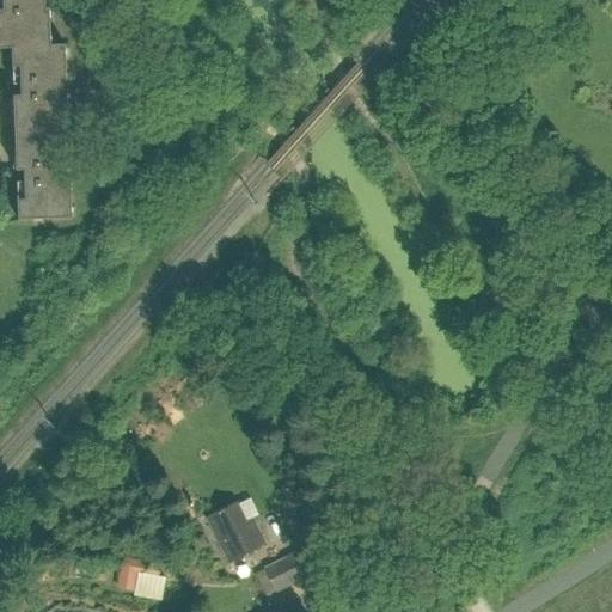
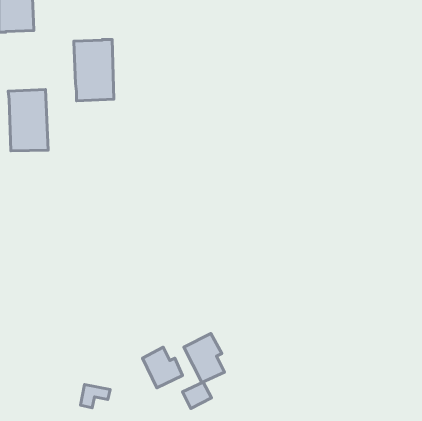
building: [8,43,66,131] -> [74,39,114,101]
building: none -> [184,333,224,383]

